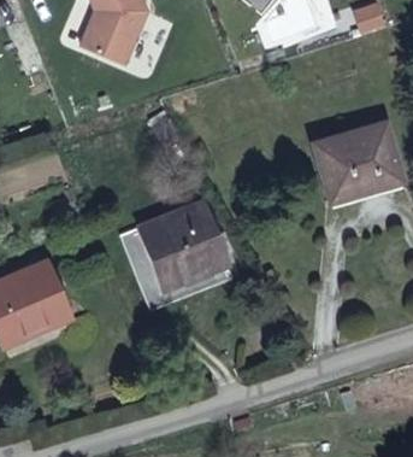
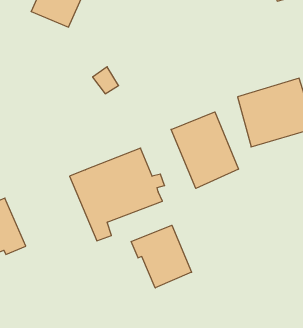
building: none -> [171,112,238,188]
building: none -> [131,225,192,288]

